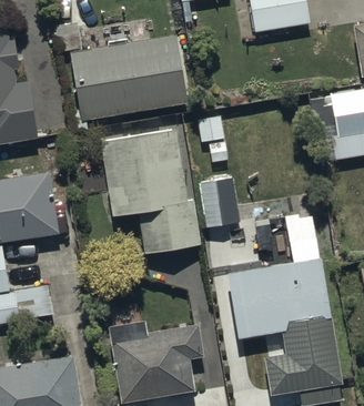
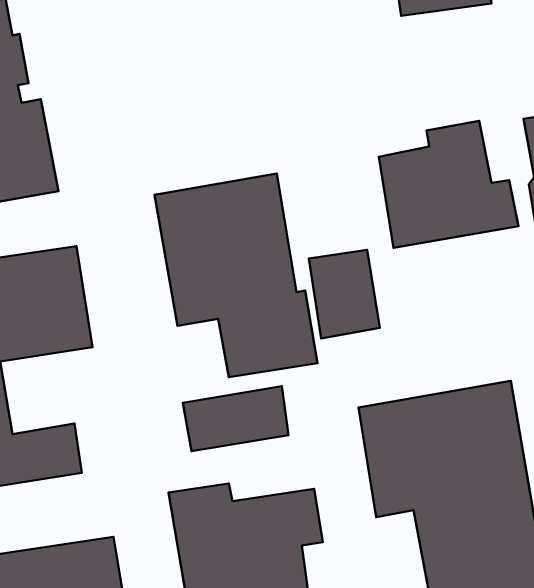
building: [69,33,189,122] -> none
building: none -> [379,121,519,248]
building: none -> [183,386,288,451]

